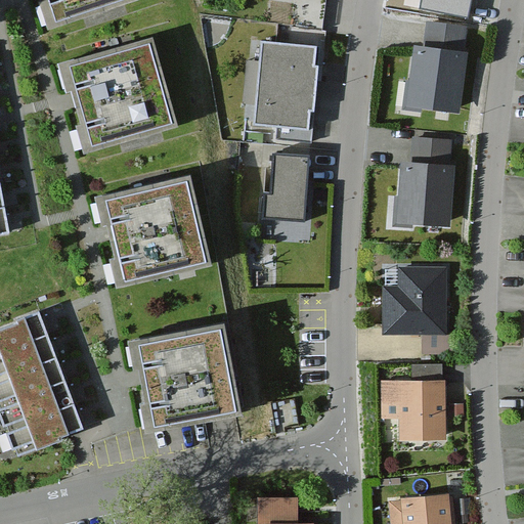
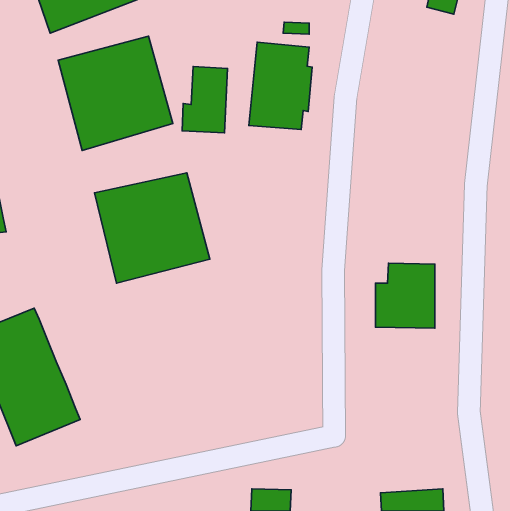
building: [404,19,466,113] -> none
building: [394,138,454,226] -> none
building: [263,157,309,224] -> [182,66,227,133]
building: [132,322,241,431] -> none
building: [379,381,444,441] -> none

